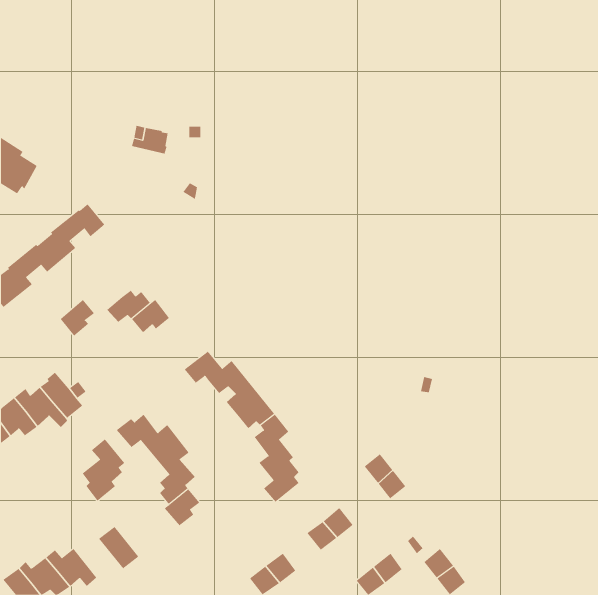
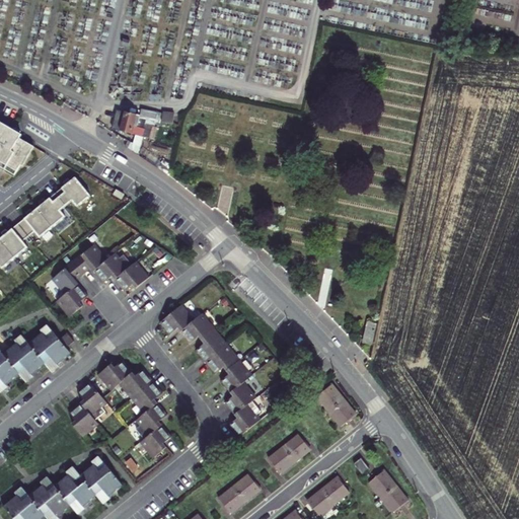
building: none -> [72,243,105,272]
building: none -> [56,281,87,314]
building: none -> [64,467,106,501]

